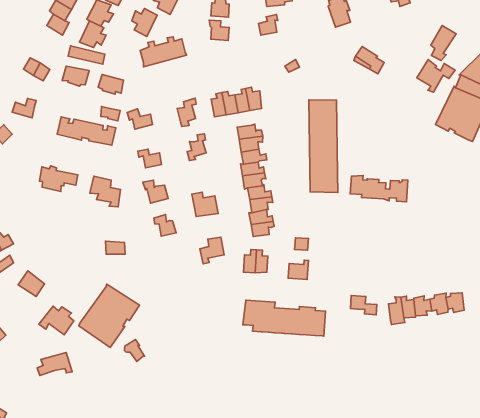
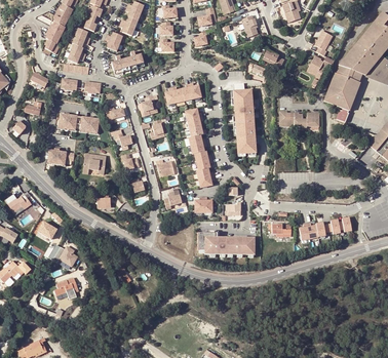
building: [350,176,408,202] -> [278,111,318,127]
building: [79,284,139,348] -> none

